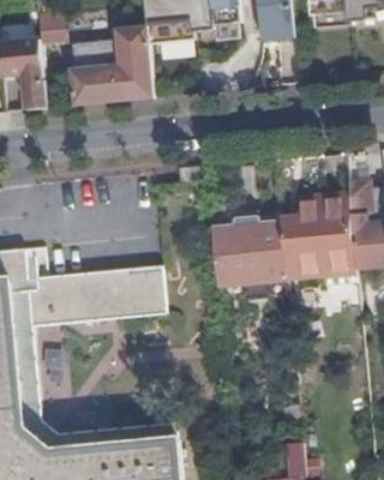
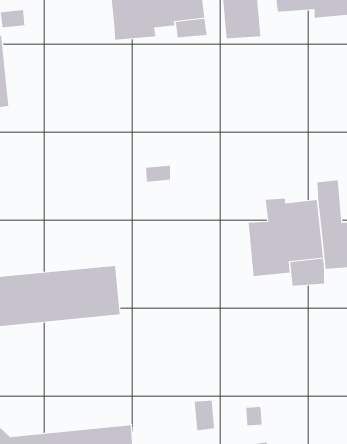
building: [72,26,157,106] -> none
building: [214,222,287,286] -> none

